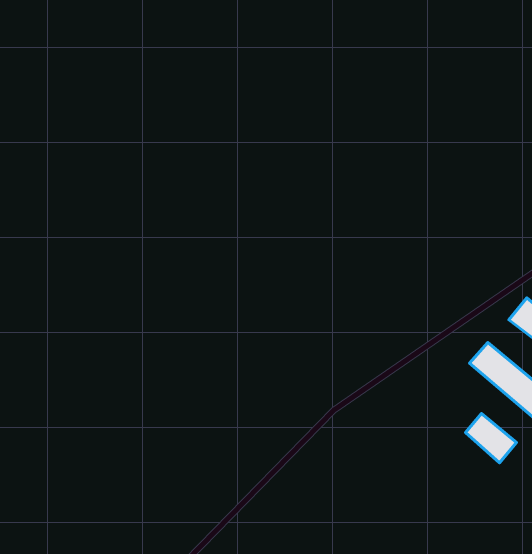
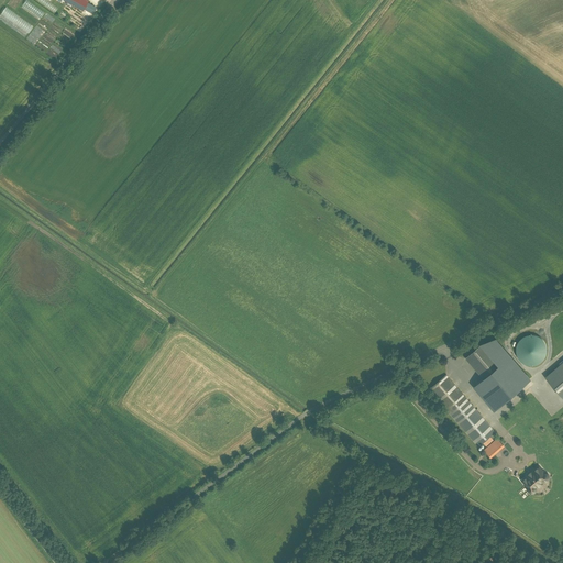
building: [466,413,517,463] -> none

